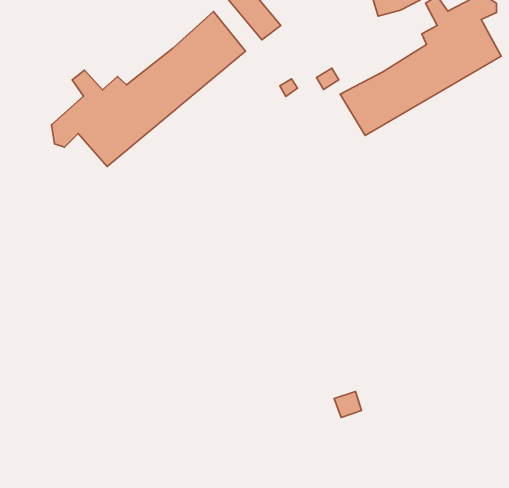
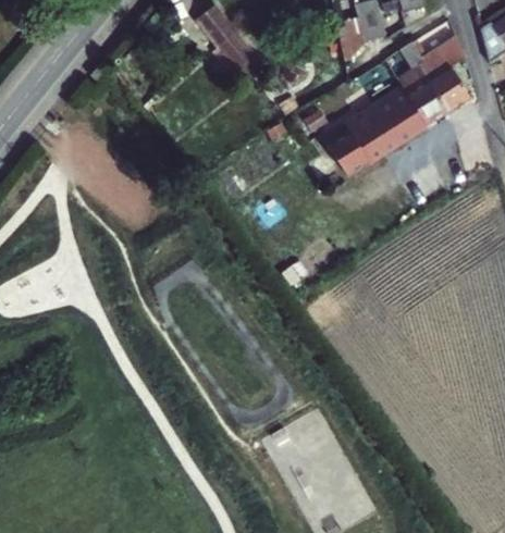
building: [51,12,246,166] -> none

